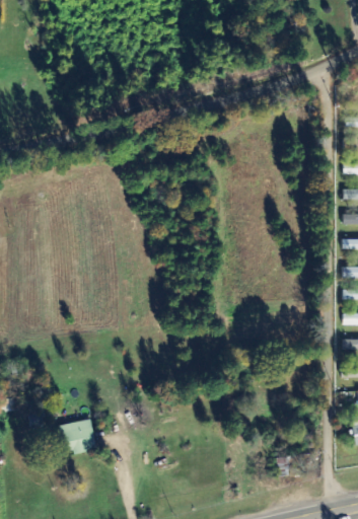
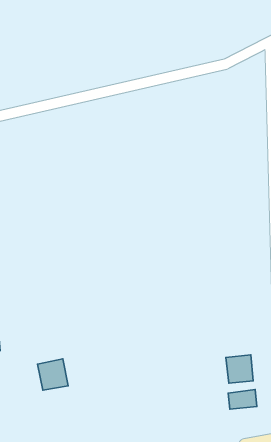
building: none -> [226,355,253,383]

